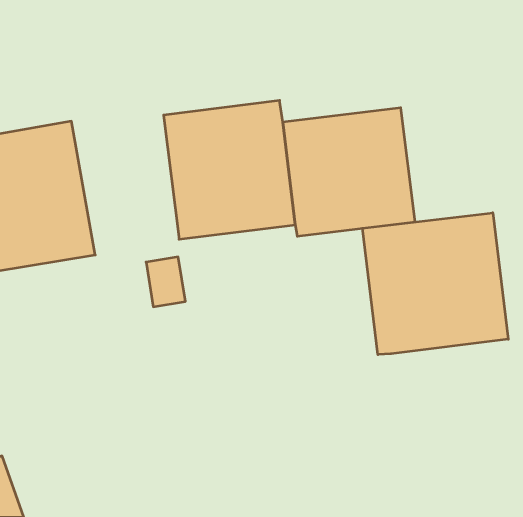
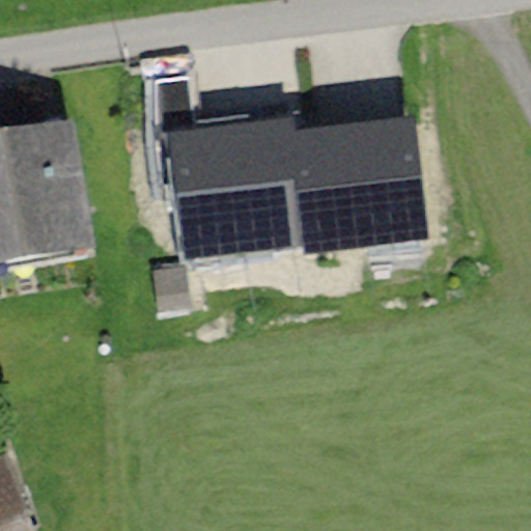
building: [362,213,508,355] -> none

